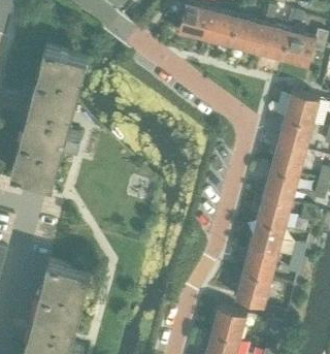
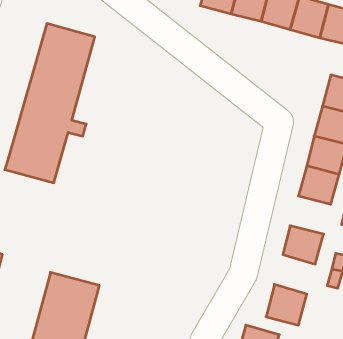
building: [256,195,291,228] -> none
building: [242,246,277,280] -> none

